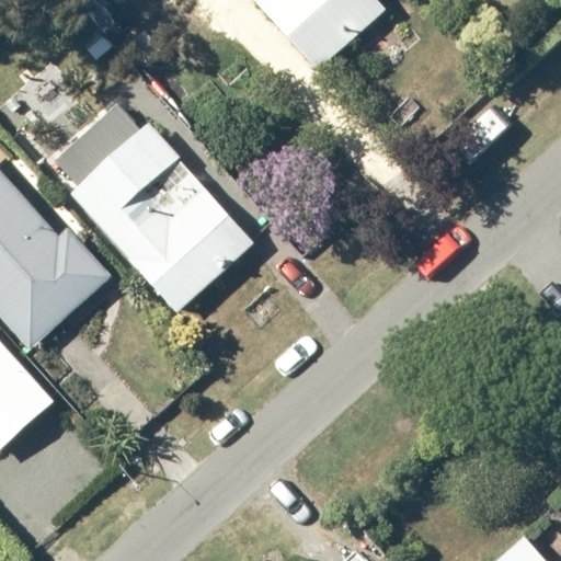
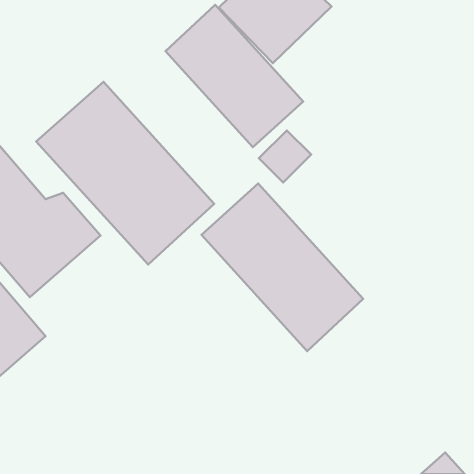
building: none -> [166,5,303,147]
building: none -> [201,184,363,351]

